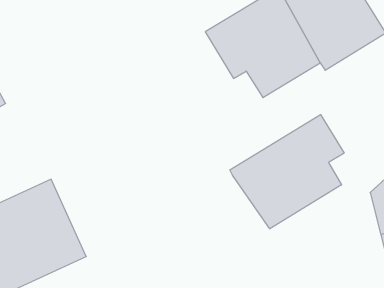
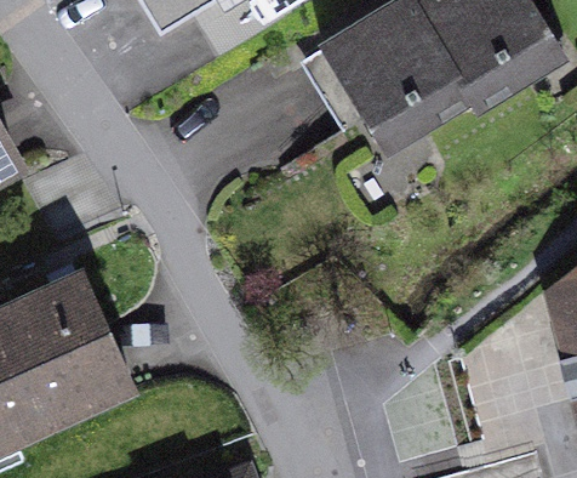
building: [230,115,344,229] -> none

